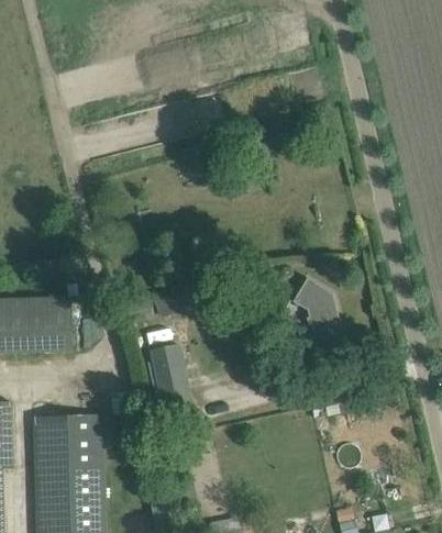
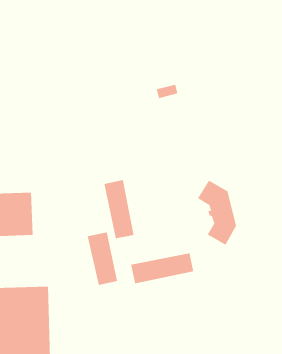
building: none -> [104,179,134,239]
building: none -> [131,253,194,284]

